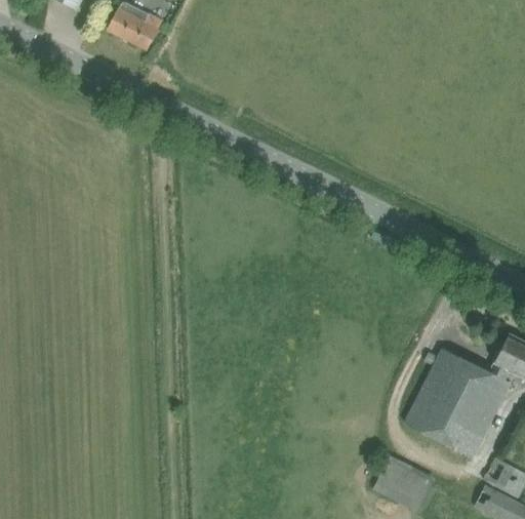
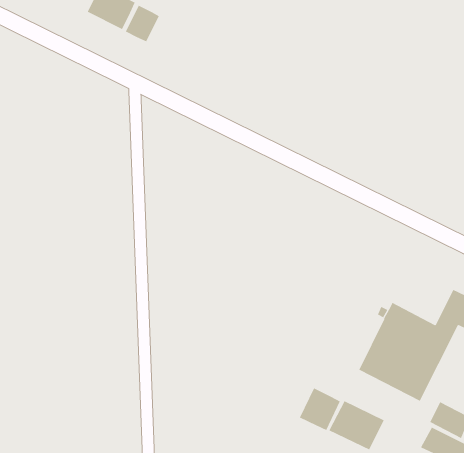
building: none -> [125,5,159,42]
building: none -> [299,388,341,431]

